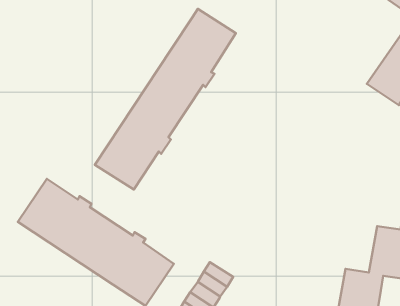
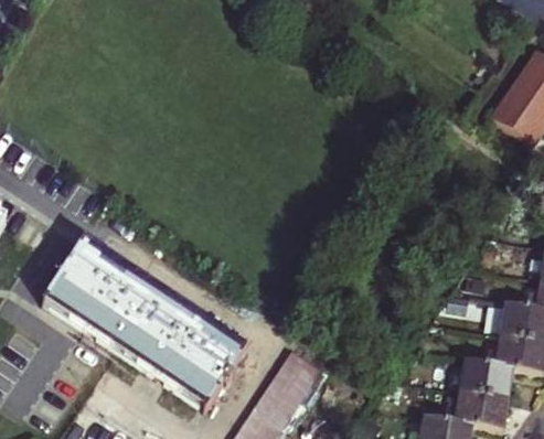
building: [95,9,236,190] -> none

